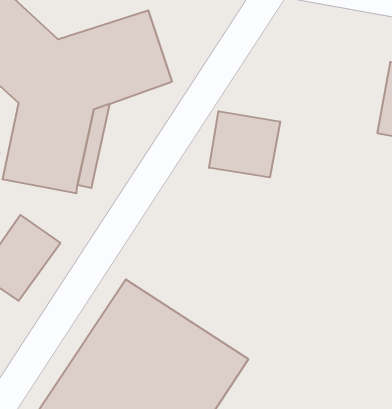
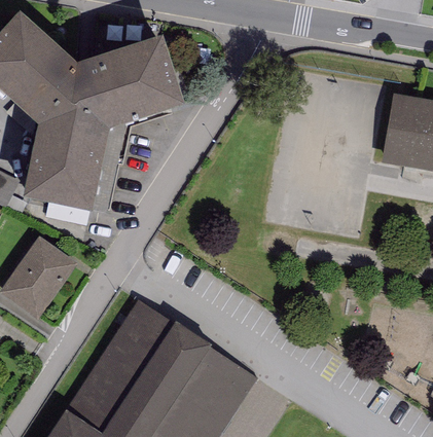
building: [209,111,280,177] -> none

